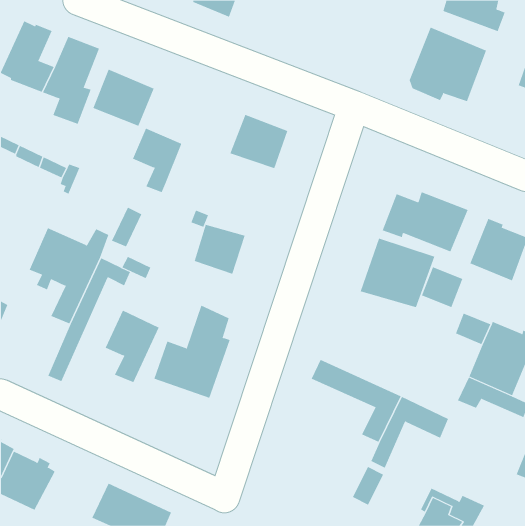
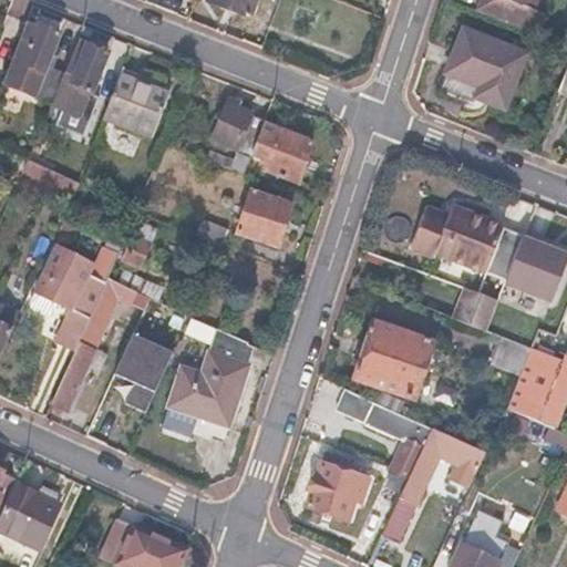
building: [132,128,182,193] -> [212,105,265,175]
building: [194,224,245,275] -> [237,192,292,246]
building: [360,238,435,308] -> [353,321,434,396]
building: none -> [306,461,368,523]

